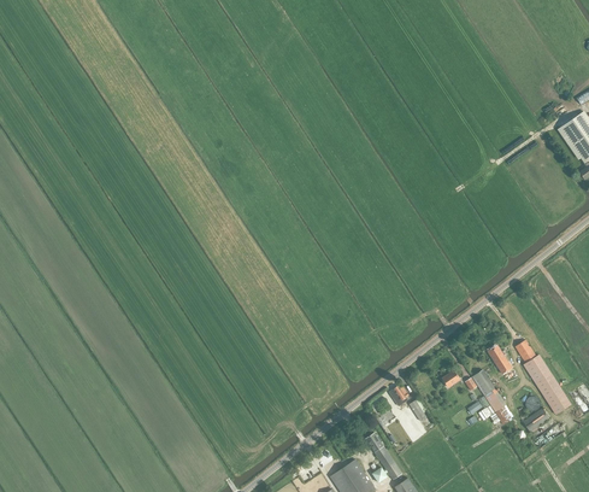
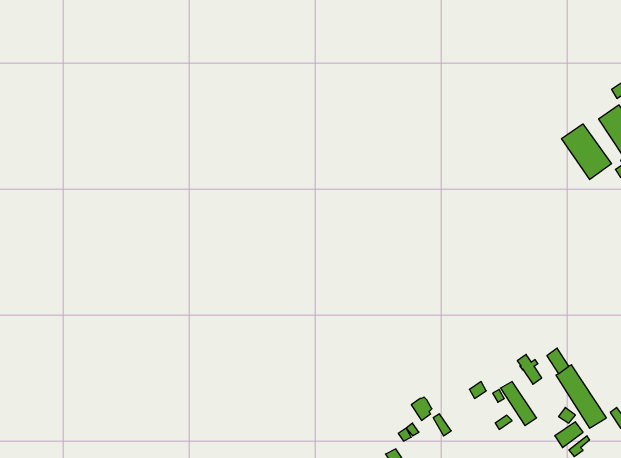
building: none -> [562,124,611,180]

